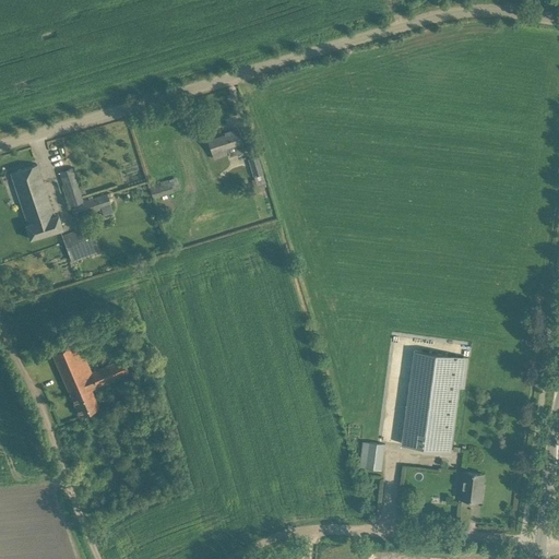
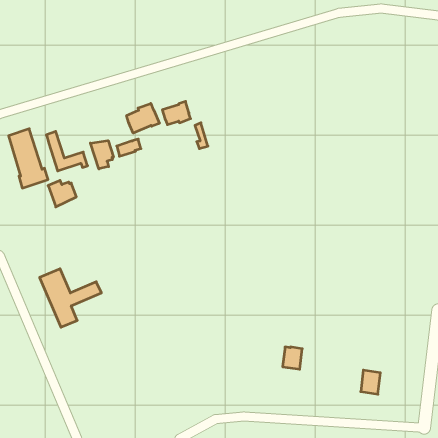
building: none -> [127,103,159,133]
building: none -> [90,141,113,169]
building: [402,350,467,451] -> none

